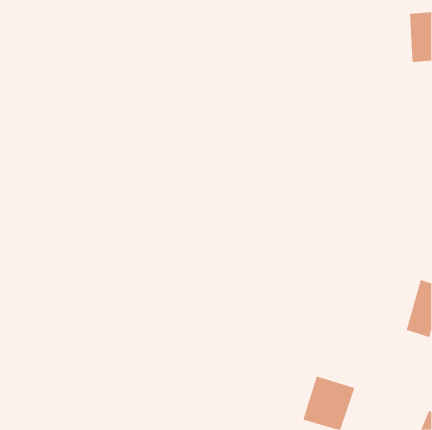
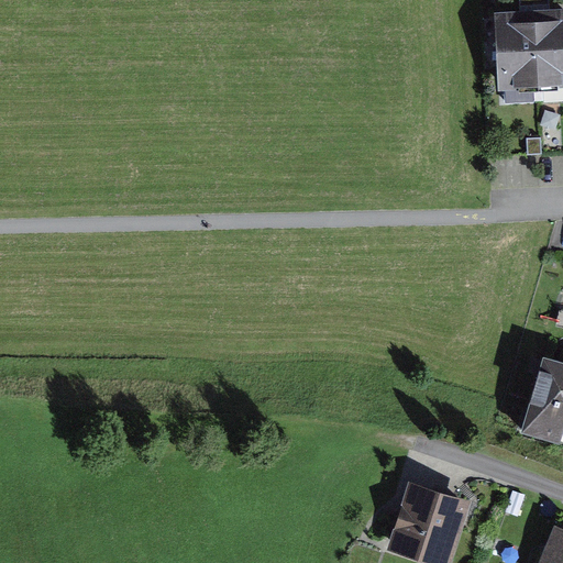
building: none -> [497,18,536,82]

